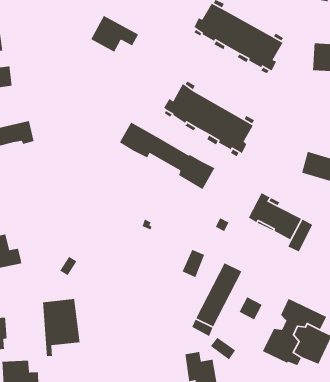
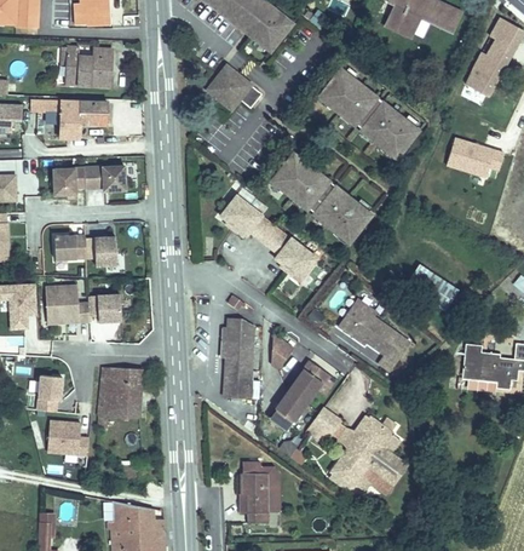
building: none -> [93,239,115,268]
building: none -> [87,294,120,322]
building: none -> [219,317,253,400]

